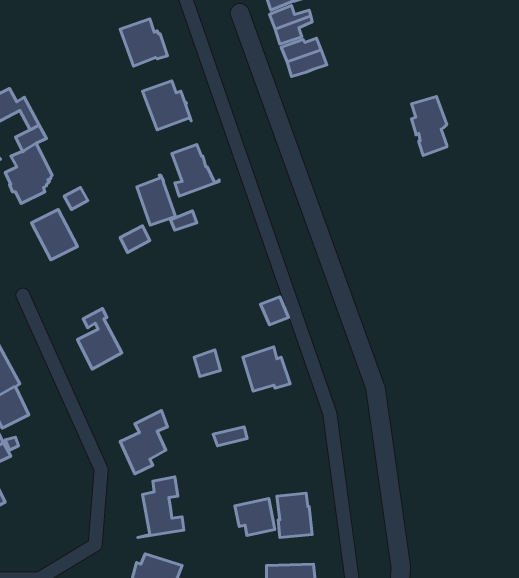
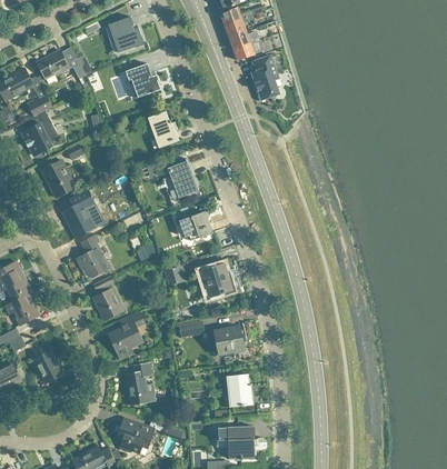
building: none -> [36,50,86,79]
building: [411,97,447,156] -> [251,56,278,100]
building: [137,175,175,225] -> [168,159,197,197]
building: none -> [62,189,93,241]
building: none -> [178,211,212,241]
building: none -> [91,276,123,320]
building: none -> [31,349,64,383]
building: [235,499,275,535] -> [213,326,244,353]

